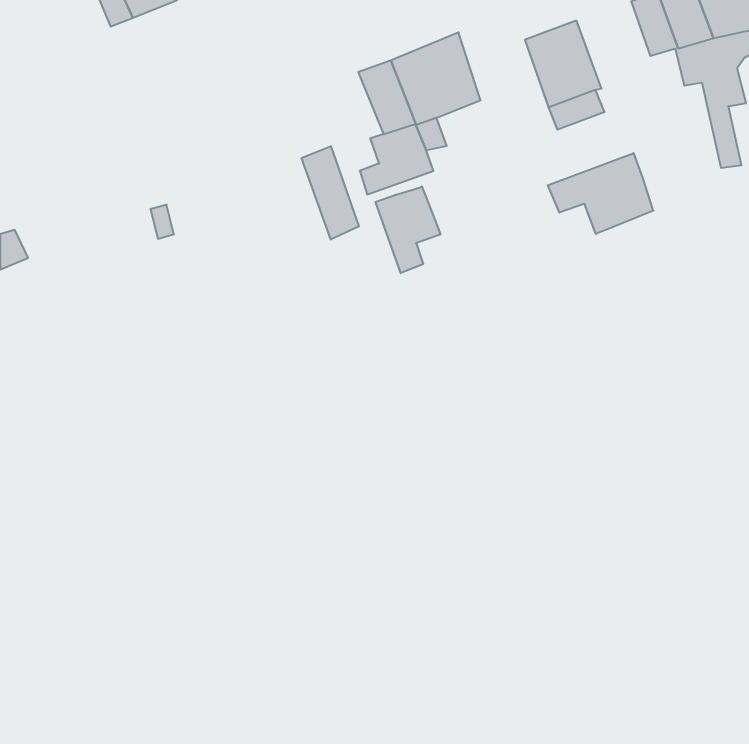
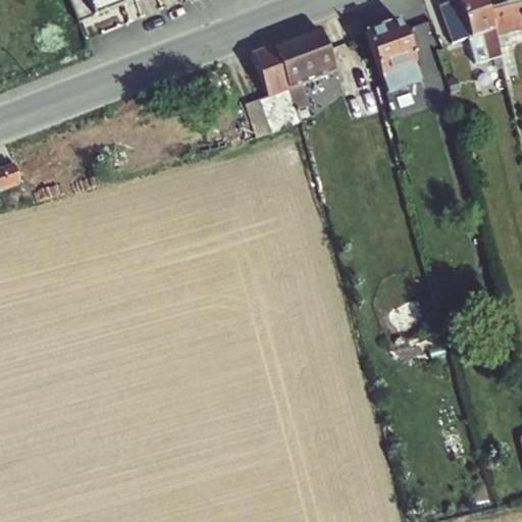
building: [302,146,359,240] -> none
building: [548,153,654,234] -> none
building: [375,186,440,273] -> none

